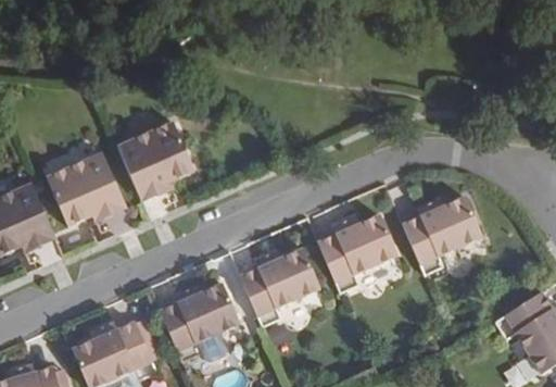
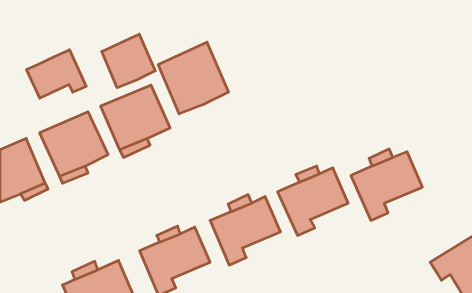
building: none -> [102,34,155,88]
building: none -> [158,42,229,114]
building: none -> [27,50,86,98]

